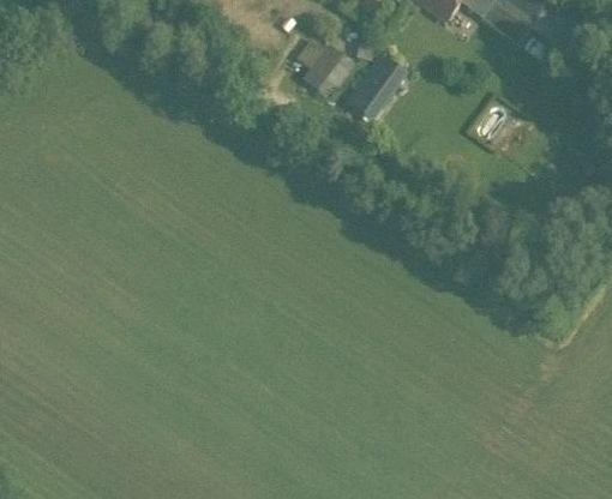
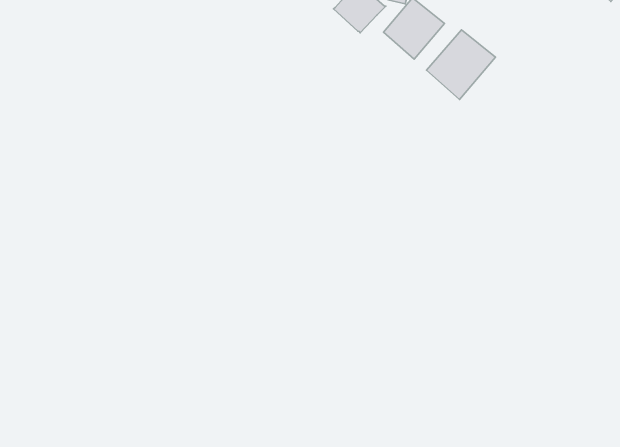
building: none -> [427,30,495,99]

